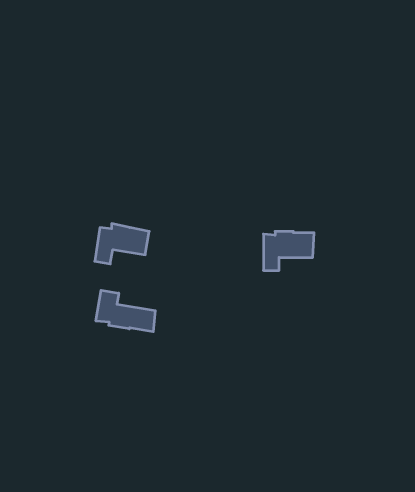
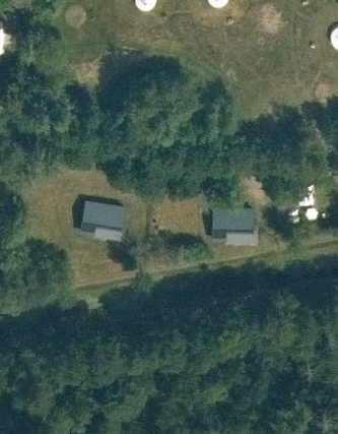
building: [96,290,155,332] -> none

